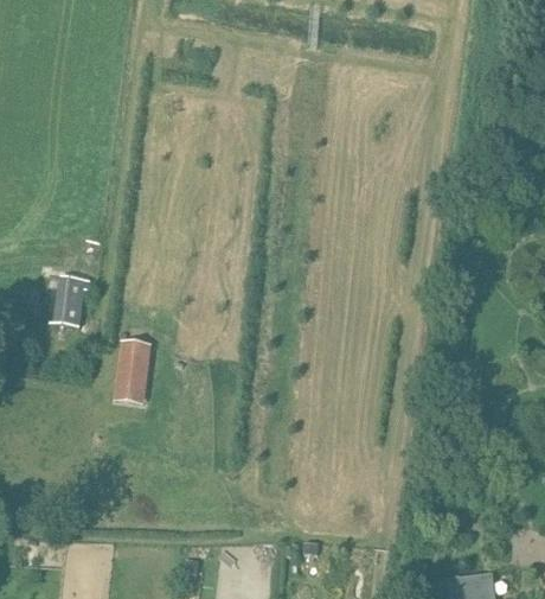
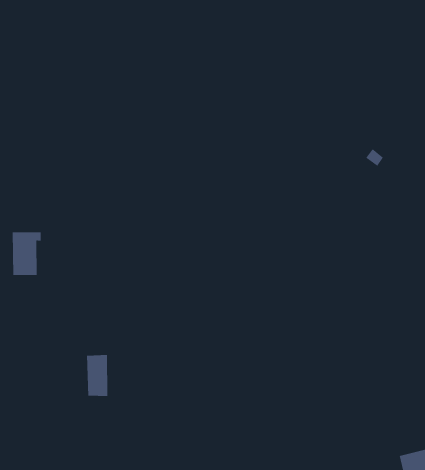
building: [117,342,146,390] -> [86,354,108,397]

